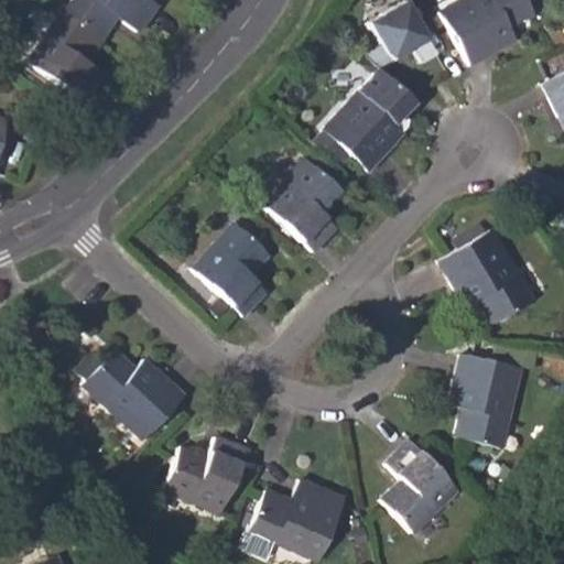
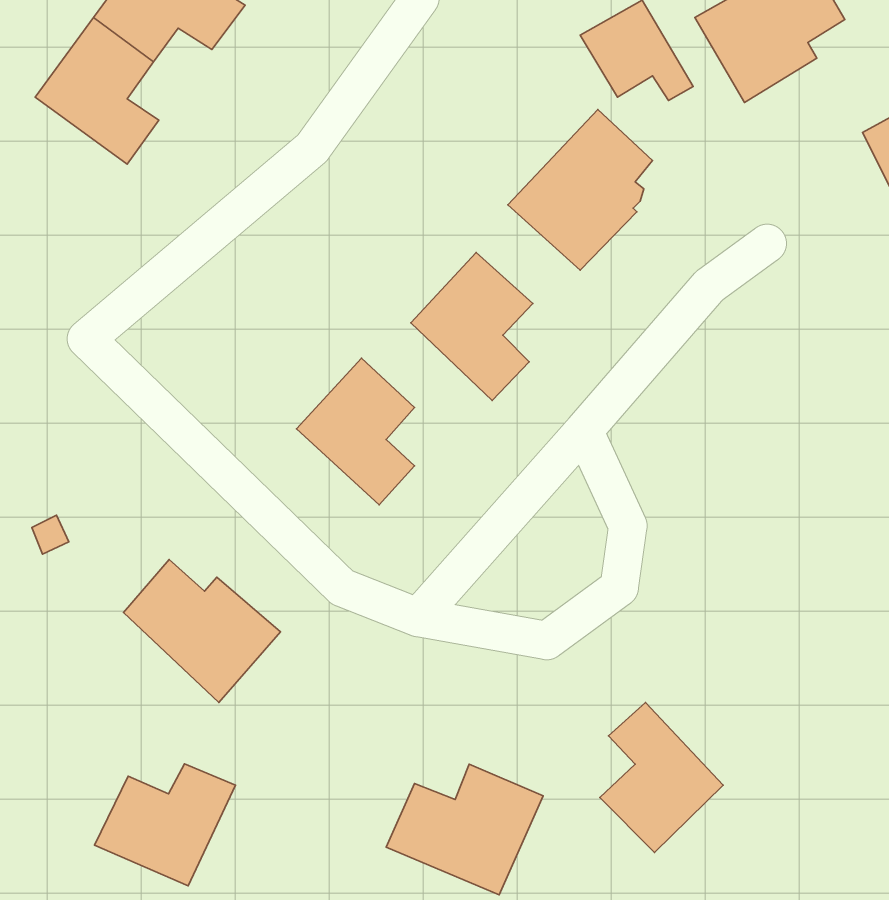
building: [440,230,532,323] -> none
building: [453,352,522,446] -> none
building: [161,436,249,512] -> [95,764,236,886]

